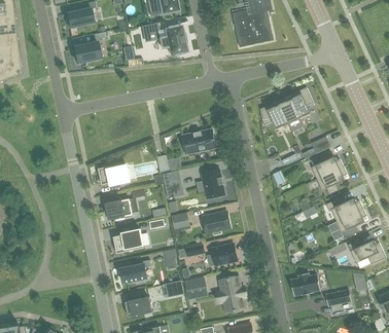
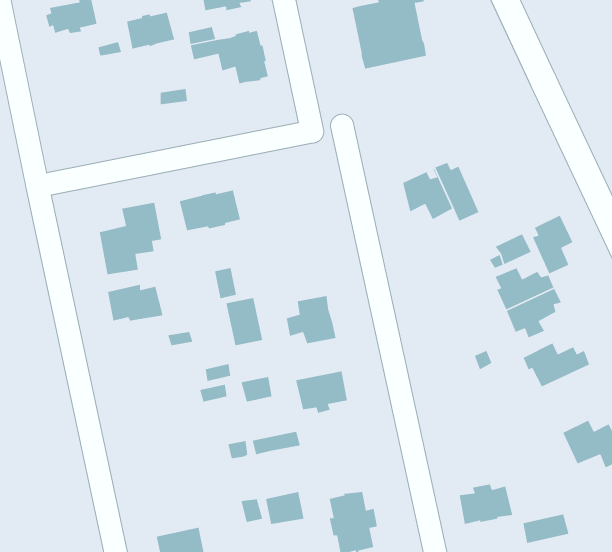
building: [73,41,100,62] -> [126,12,175,49]
building: [290,86,313,119] -> [532,214,573,275]
building: none -> [99,202,162,275]
building: [181,129,215,152] -> [179,190,241,231]
building: [105,198,132,220] -> none
building: [335,208,366,237] -> none
building: [112,228,143,253] -> none
building: [211,244,237,264] -> none
building: [119,259,150,283] -> none

